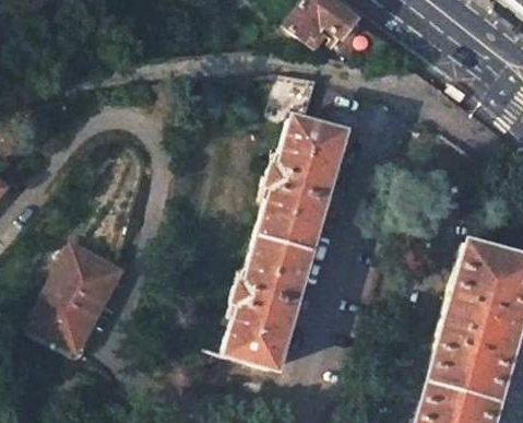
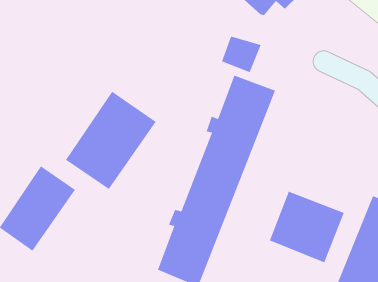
building: none -> [65,91,157,190]
building: none -> [269,191,345,263]

